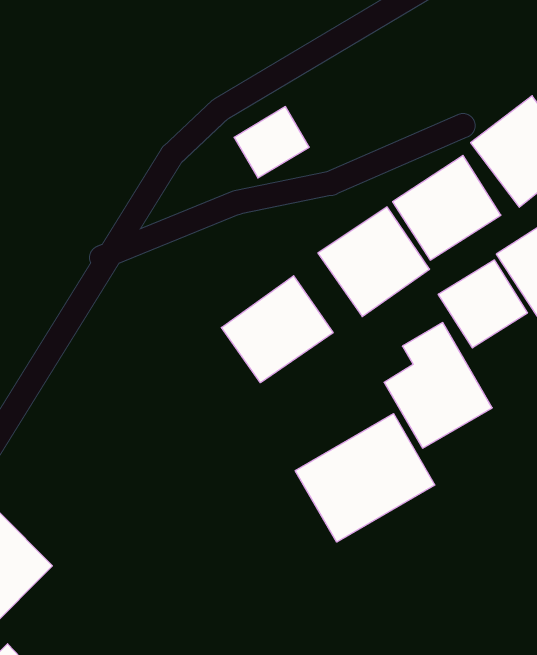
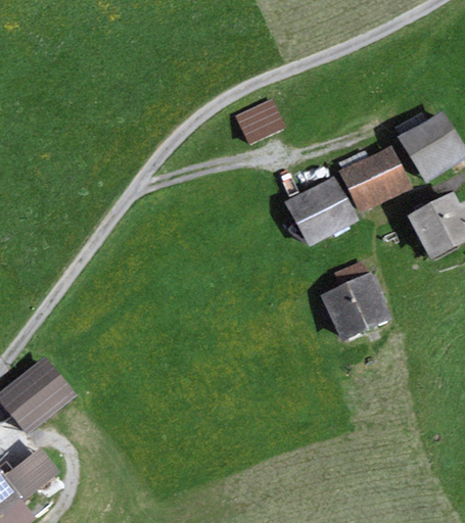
building: [438,260,527,348] -> none
building: [221,276,333,383] -> none
building: [295,414,435,542] -> none

